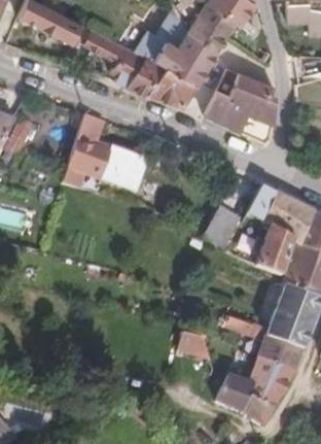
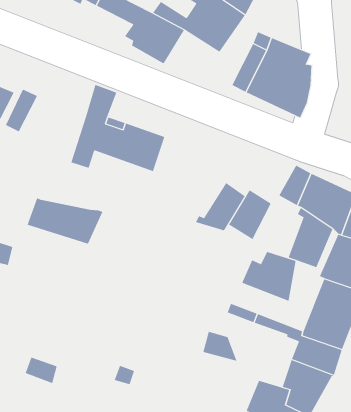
building: [147,67,194,106] -> none
building: none -> [195,182,245,231]
building: none -> [27,198,103,245]
building: none -> [241,251,296,302]

